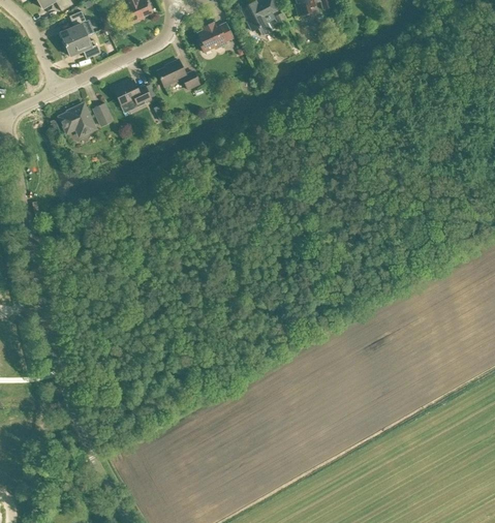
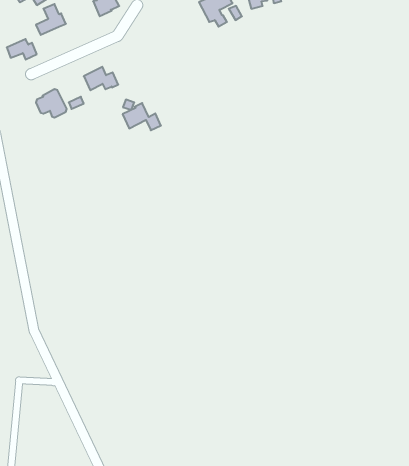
building: [198,22,233,52] -> none
building: [66,35,99,58] -> [7,39,37,60]
building: [157,59,199,89] -> [123,103,161,130]

